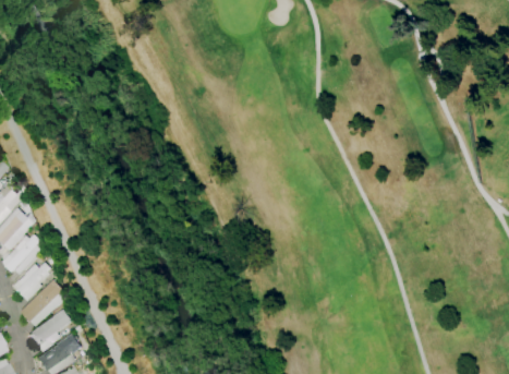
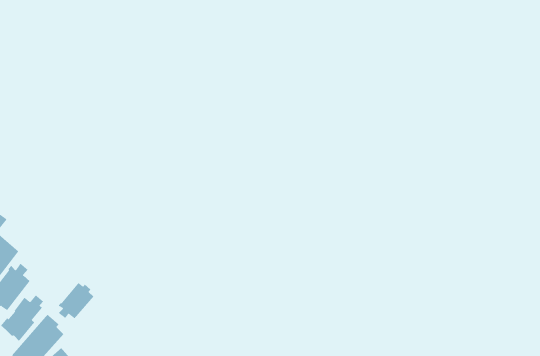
building: none -> [58,282,94,319]

